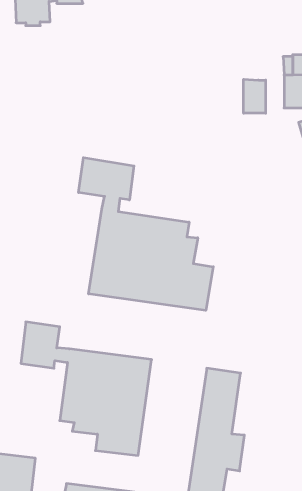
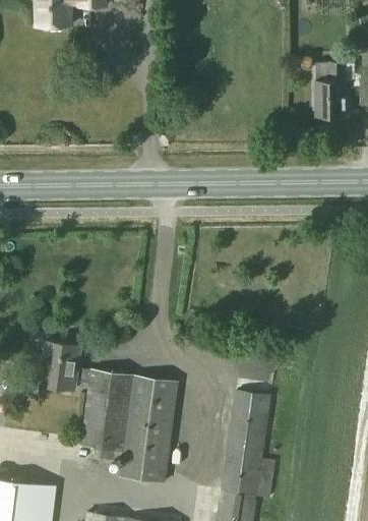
building: [244,79,266,113] -> none
building: [79,158,213,310] -> none

